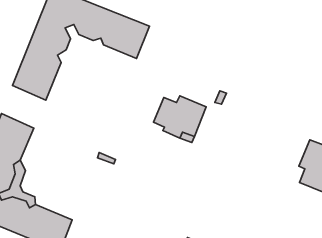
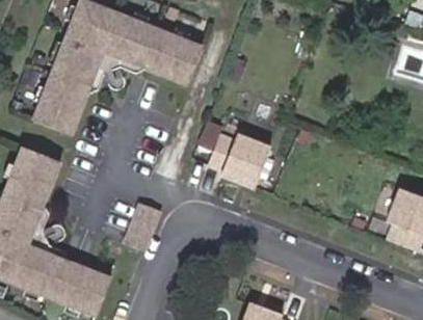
building: none -> [90,39,147,86]

